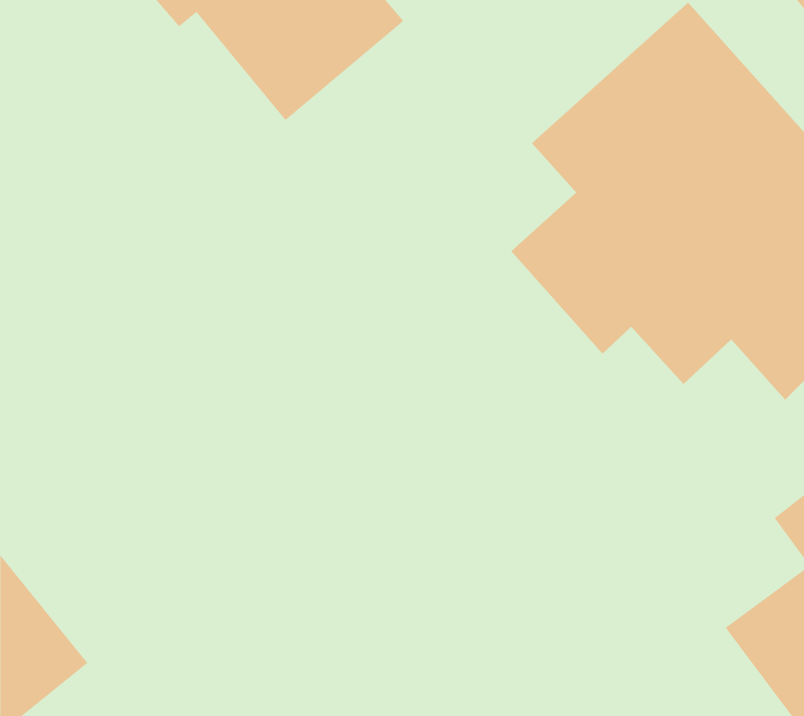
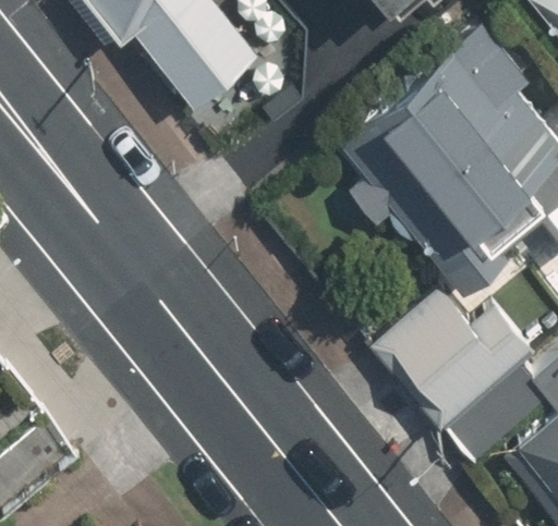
building: none -> [369,282,543,463]

